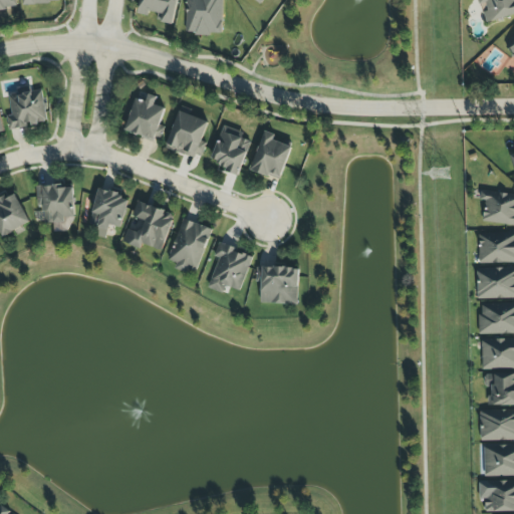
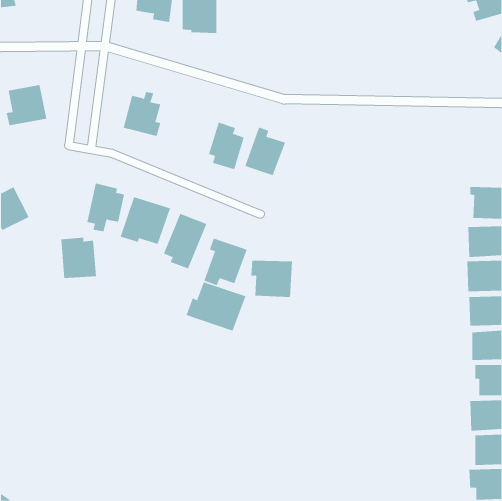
building: [166,110,209,158] -> none
building: [38,184,75,226] -> [60,237,97,279]
building: none -> [186,281,246,332]

